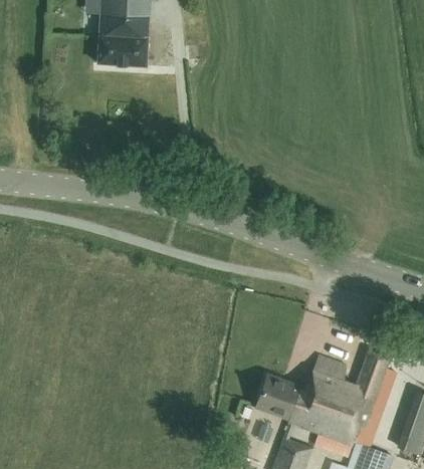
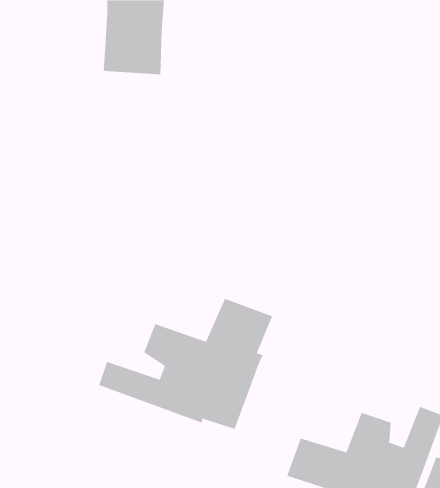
building: none -> [98,298,273,430]

